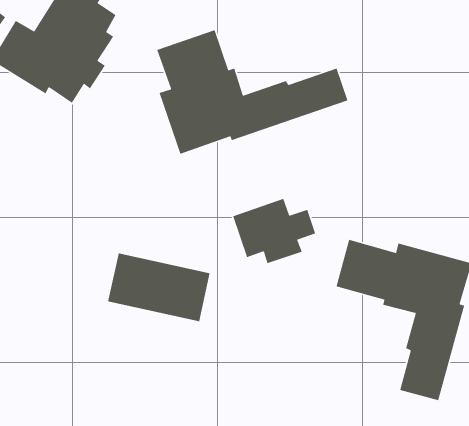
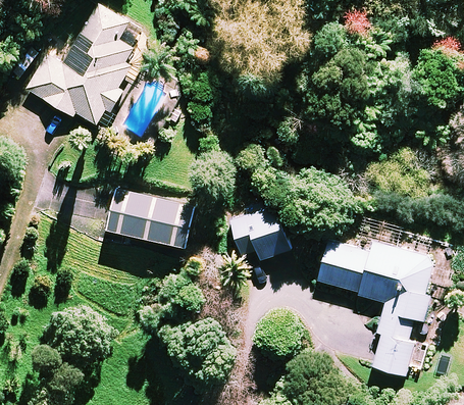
building: [156,29,349,155] -> none
building: [107,252,211,322] -> [108,189,196,248]

